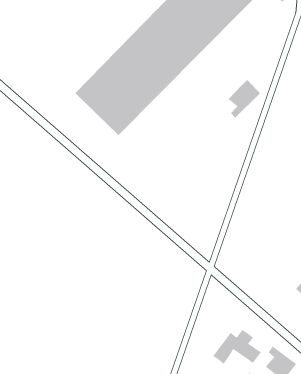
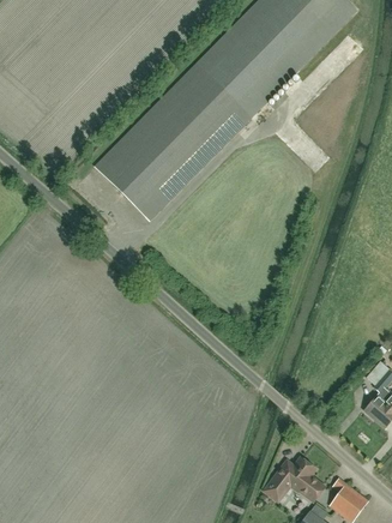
building: [228,79,261,119] -> none

